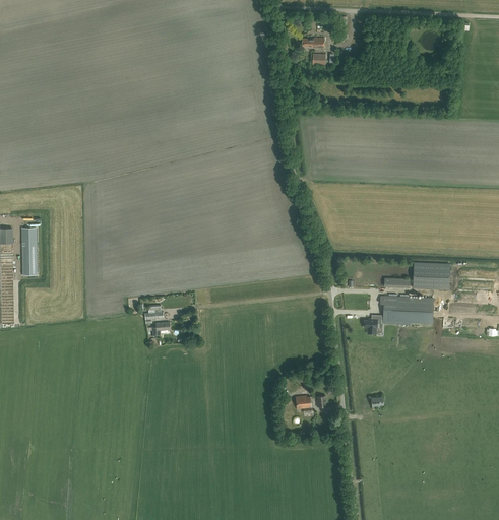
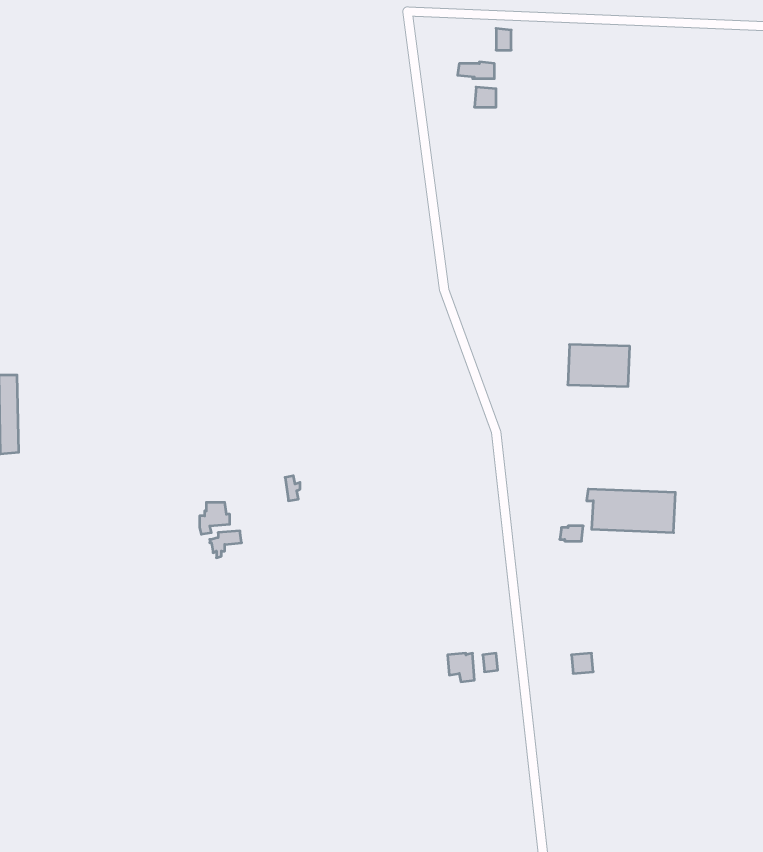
building: [414,263,451,288] -> [568,345,630,386]

